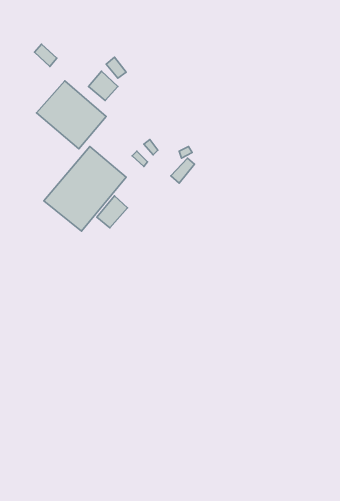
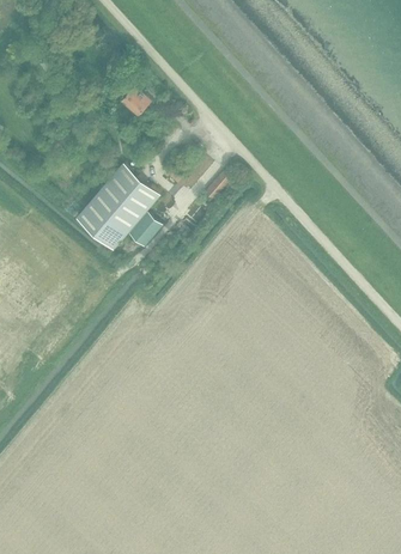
building: [37,81,106,149] -> none

